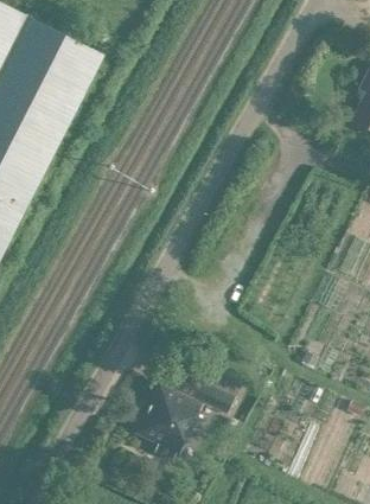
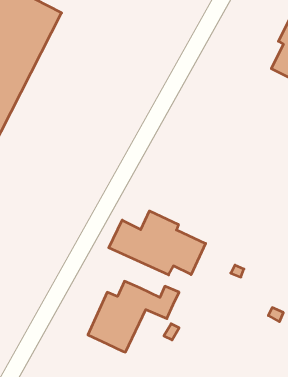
building: none -> [109,211,206,275]

